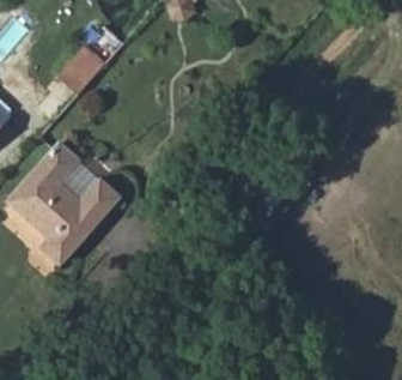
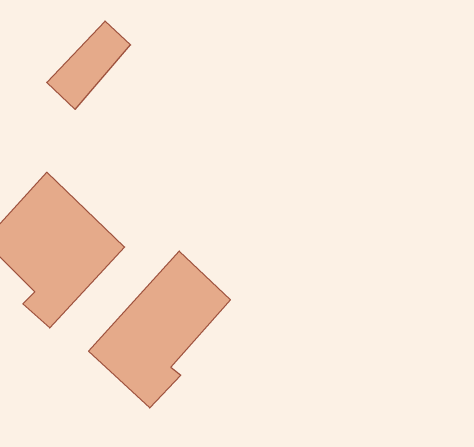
building: none -> [89,251,230,408]

